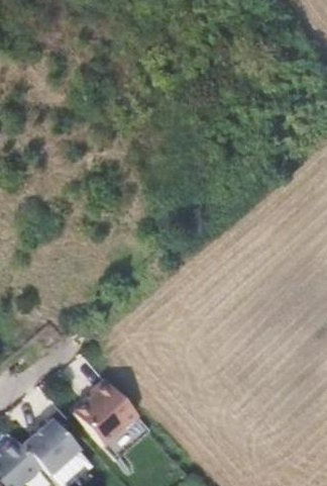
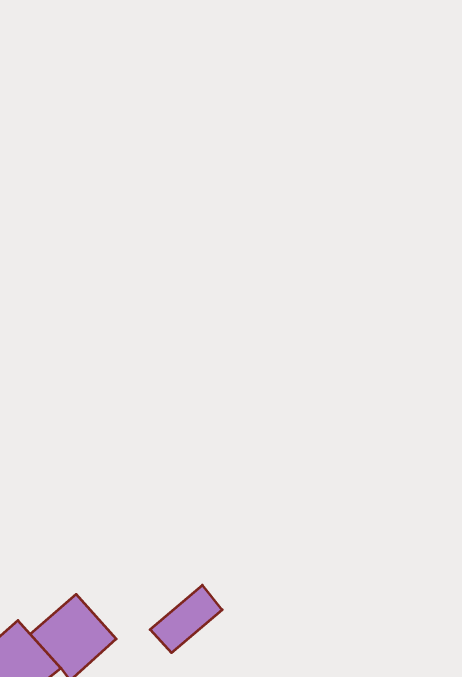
building: [74,377,136,443] -> none

